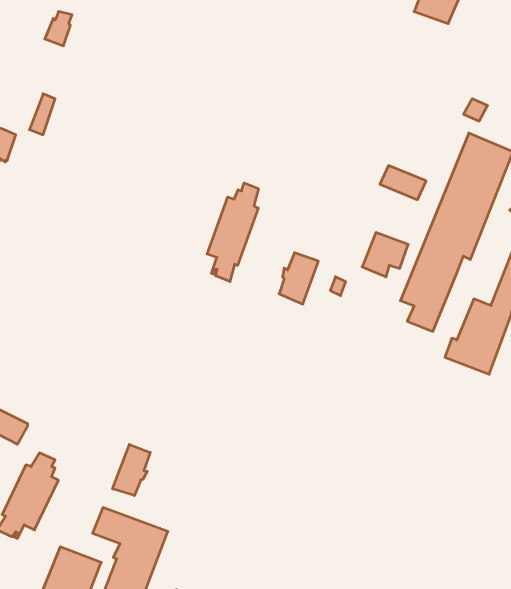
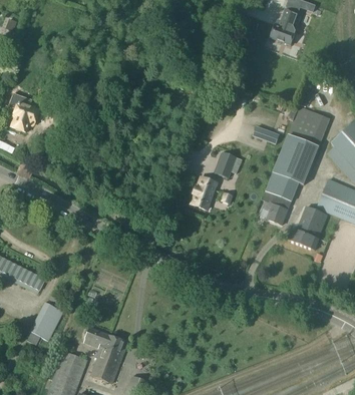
building: [207,183,258,282] -> none
building: [362,233,408,277] -> [214,151,241,177]
building: [113,444,150,496] -> none

